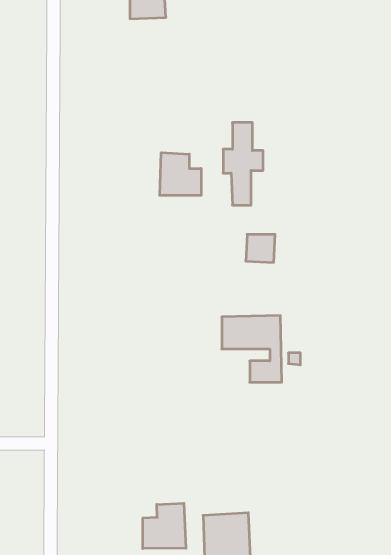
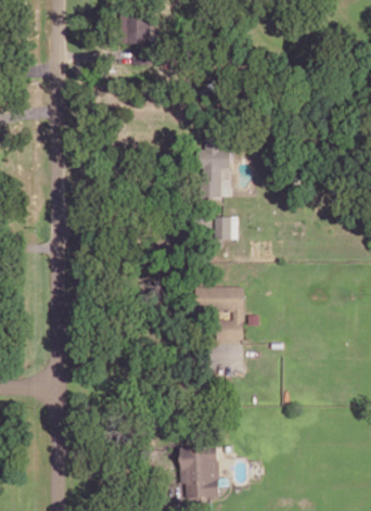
building: [160,153,201,195] -> none
building: [143,503,186,549] -> none

